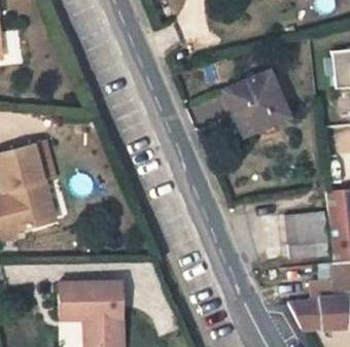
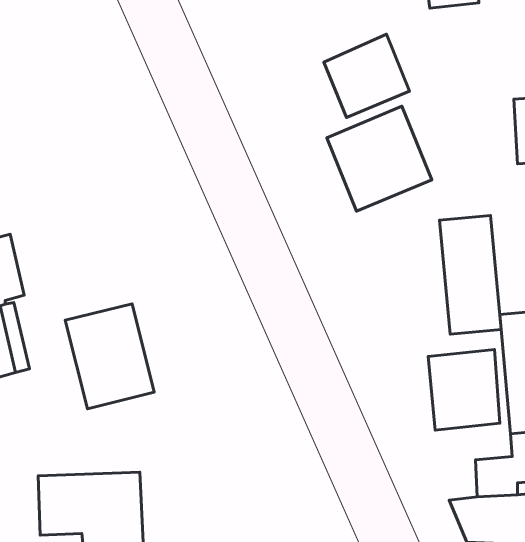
building: none -> [324,34,410,118]
building: none -> [439,215,501,334]
building: none -> [65,304,154,409]

